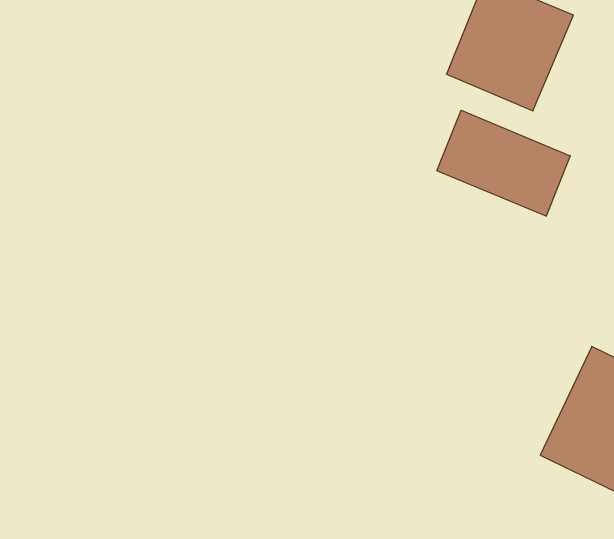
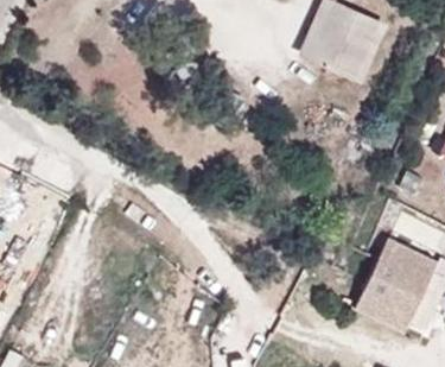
building: [437,110,570,216] -> none

